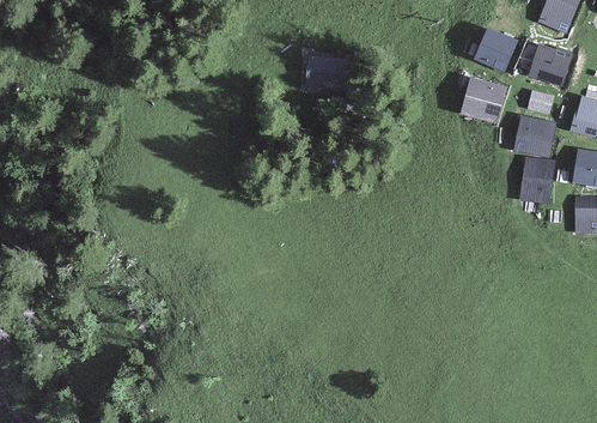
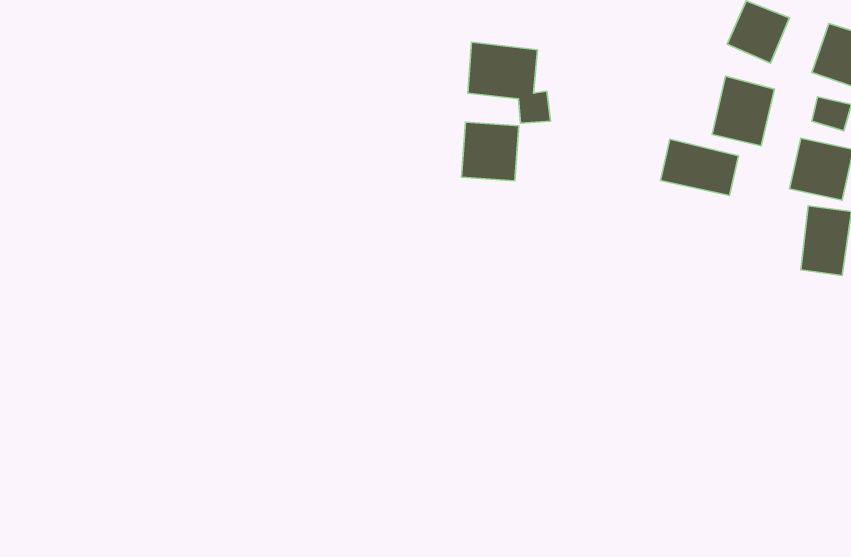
building: none -> [462,122,519,181]
building: none -> [660,139,738,195]

